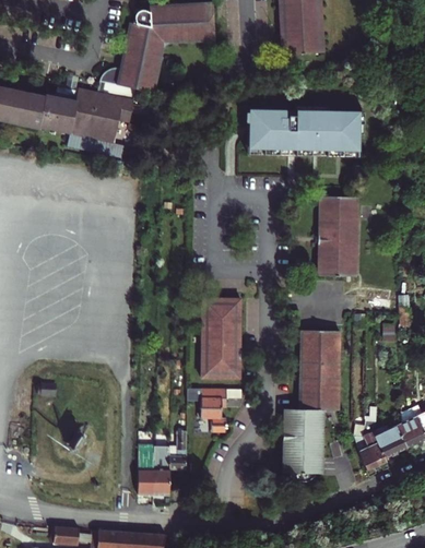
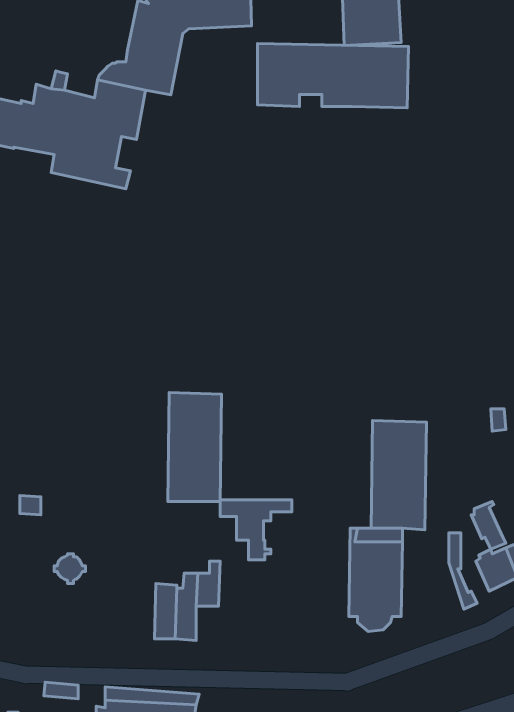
building: [250,109,361,156] -> [258,44,409,108]
building: [321,196,363,277] -> none
building: [201,297,240,377] -> [168,393,222,502]
building: [363,428,388,463] -> [471,501,506,549]

